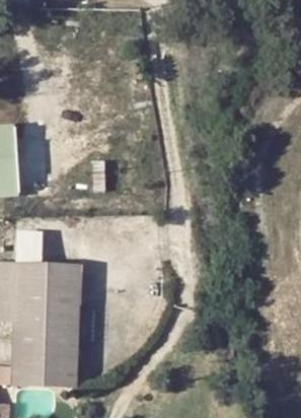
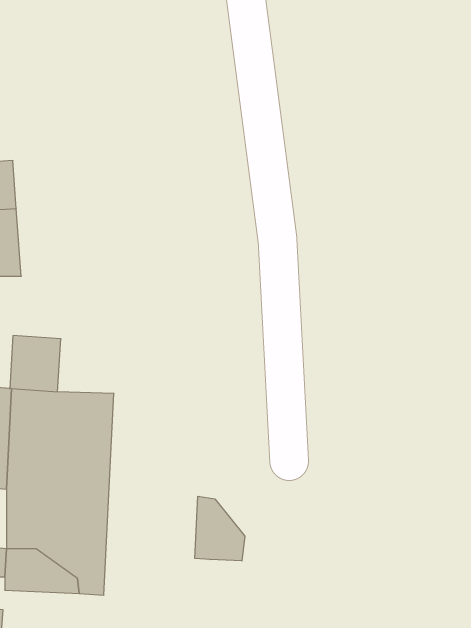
building: none -> [195,496,245,561]

